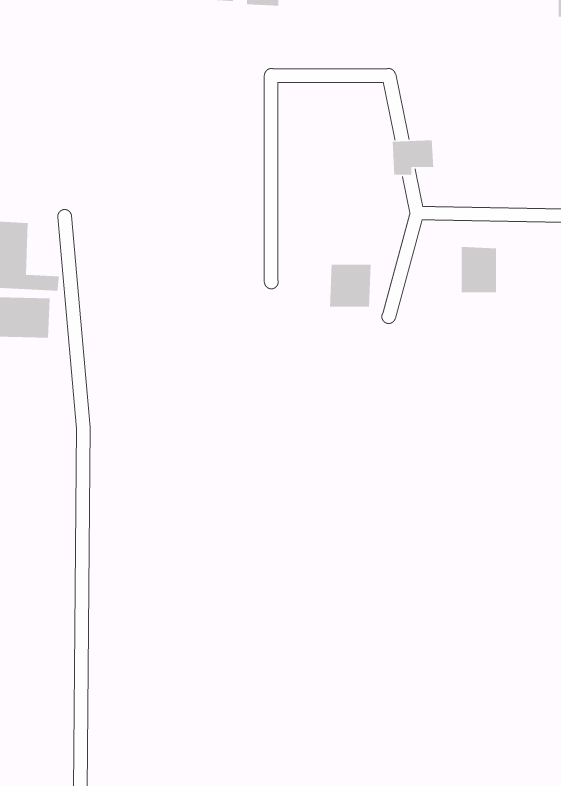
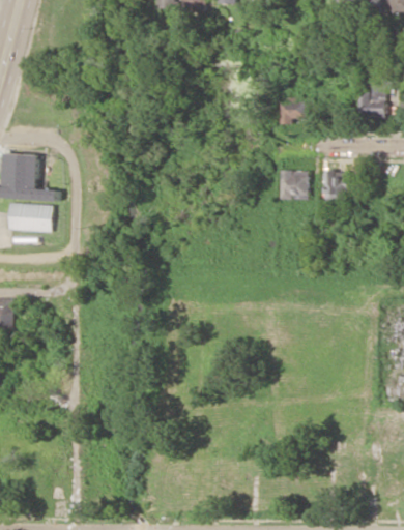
building: none -> [357,86,385,119]
building: [329,264,372,308] -> [280,171,308,200]

